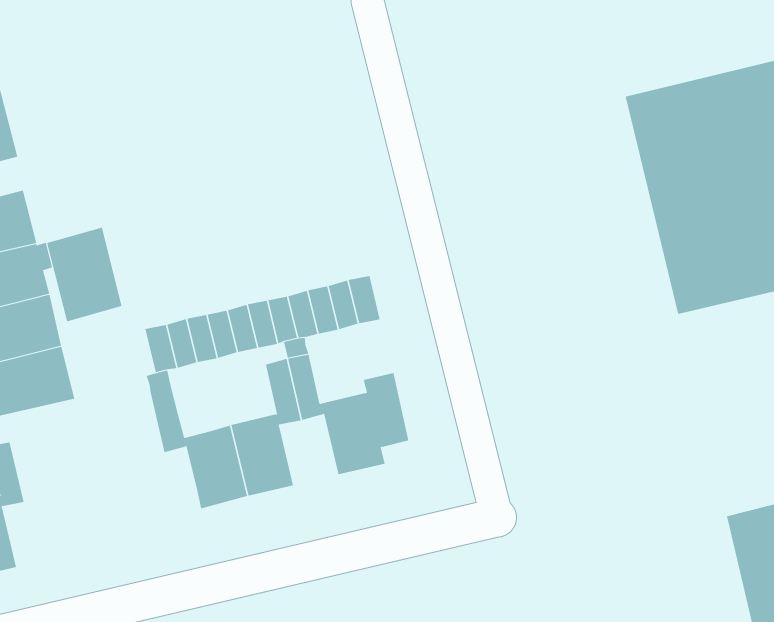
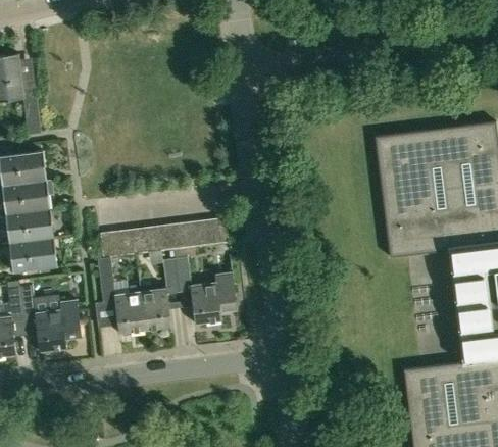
building: [47,227,122,322] -> none
building: none -> [20,284,82,351]

